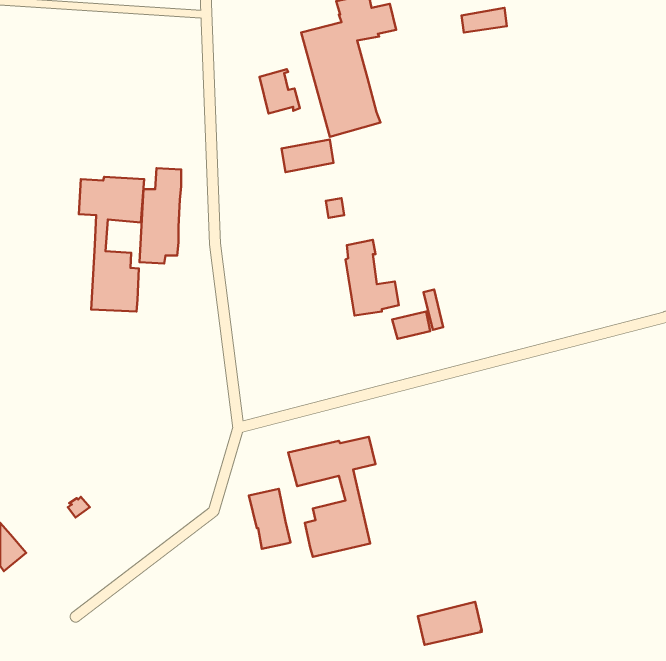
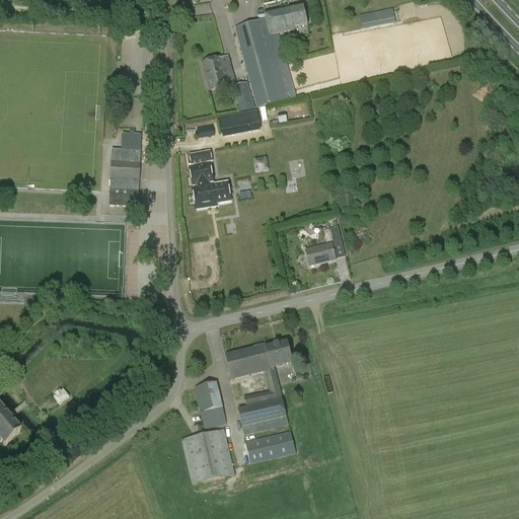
building: none -> [233,80,254,110]
building: [79,177,144,312] -> none
building: [345,240,399,316] -> [189,148,230,207]
building: none -> [180,428,234,484]
building: [418,602,482,645] -> [245,429,295,462]

